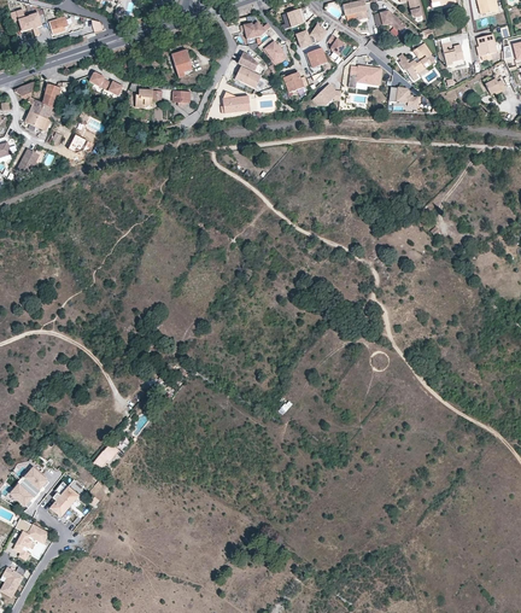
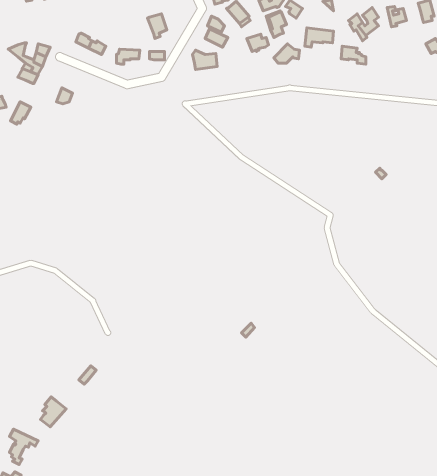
building: [11,467,49,507] -> none

